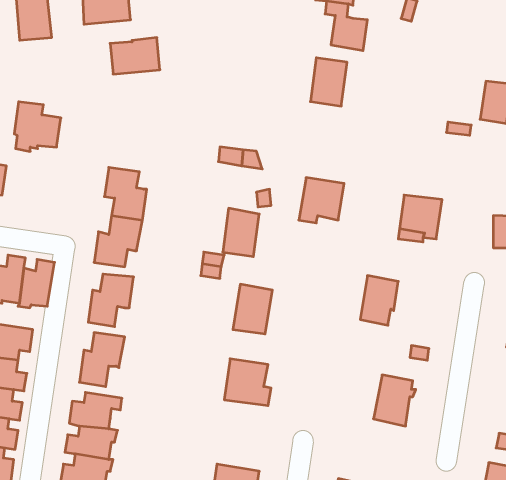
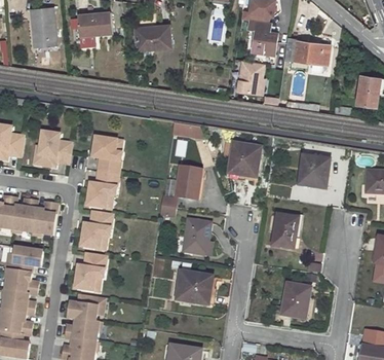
building: none -> [284,40,330,64]
building: [110,38,160,74] -> [135,25,169,50]
building: [14,102,61,151] -> [39,132,72,167]

